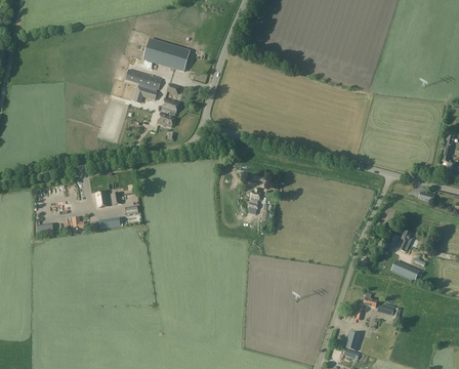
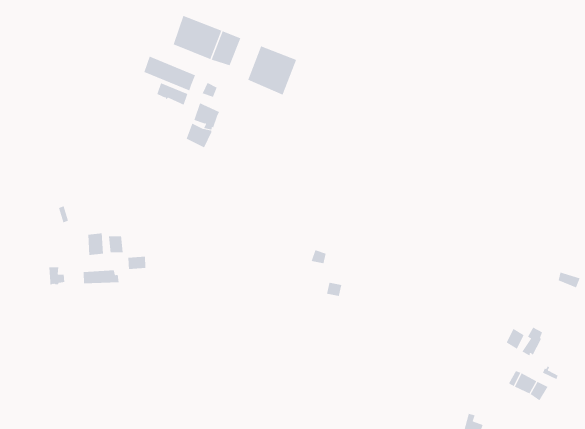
building: none -> [248,45,297,96]

